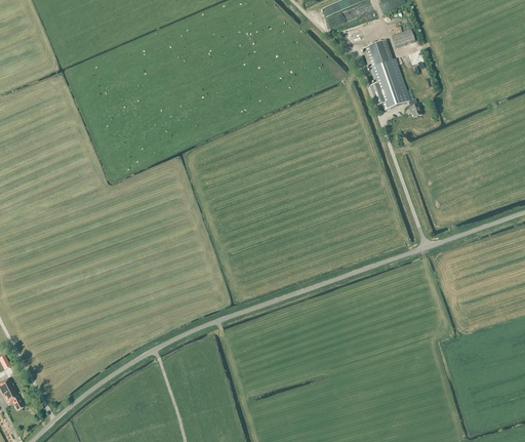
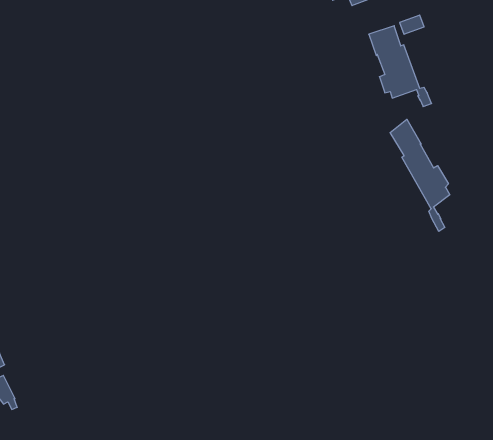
building: none -> [390,119,450,231]

